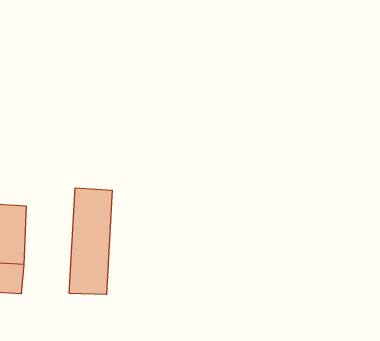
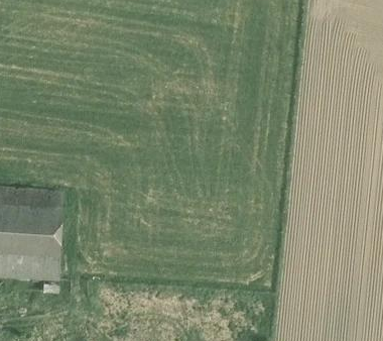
building: [69,188,112,295] -> none

